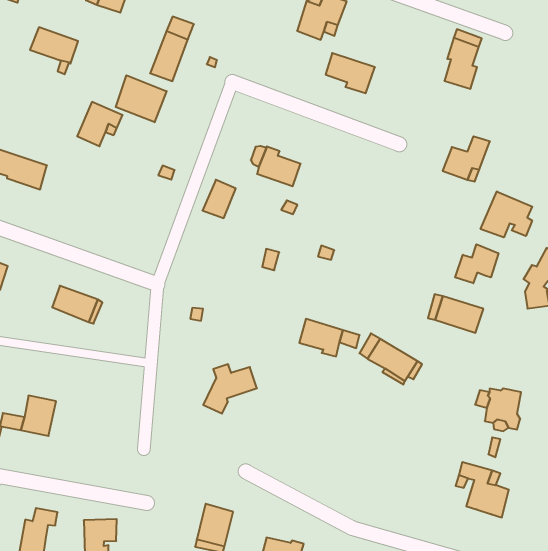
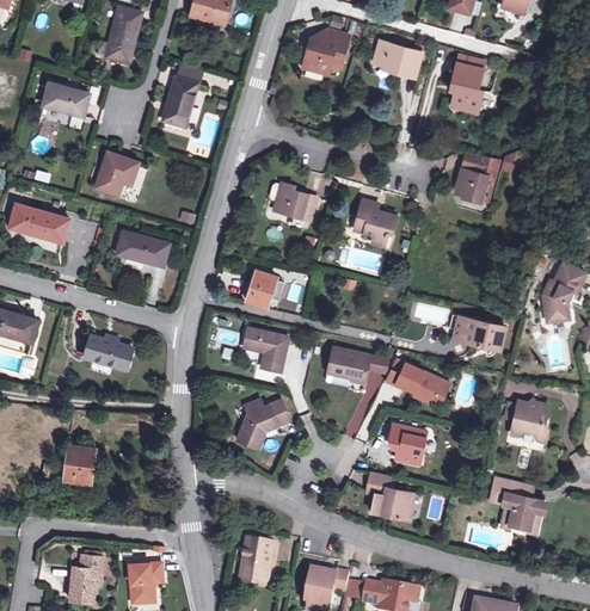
building: [326,53,375,93] -> [374,41,422,78]
building: [116,75,167,122] -> none
building: none -> [354,199,395,246]
building: [202,180,236,218] -> [245,270,276,307]
building: none -> [115,230,166,263]
building: [481,191,532,237] -> none
building: [455,244,498,283] -> none
building: none -> [244,328,288,372]
building: none -> [388,425,425,463]
building: none -> [365,471,418,519]

